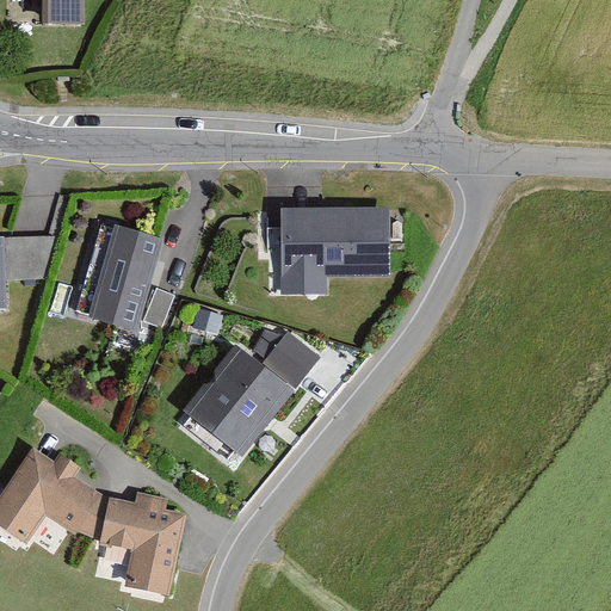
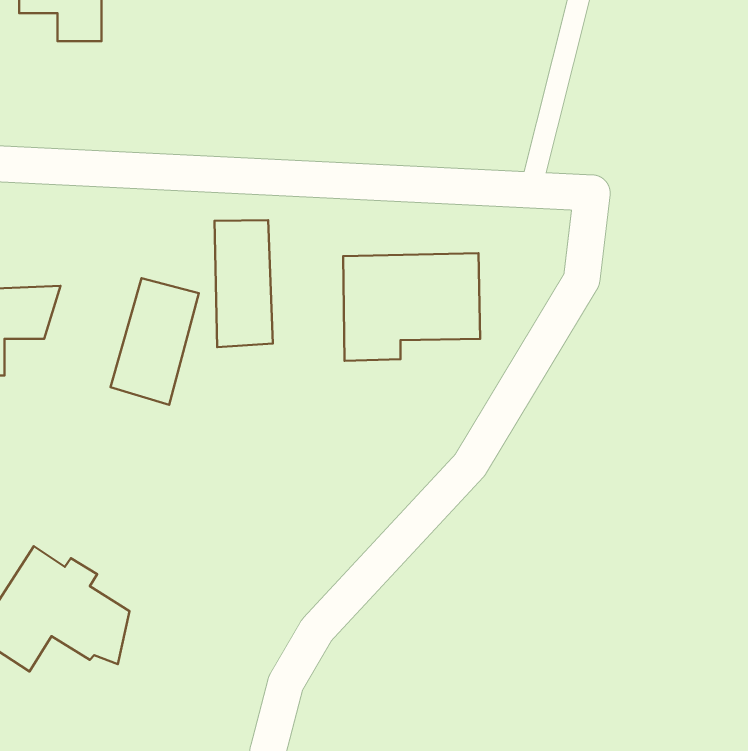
building: none -> [215,220,273,347]
building: [181,333,313,458] -> none
building: [94,492,184,594] -> none

